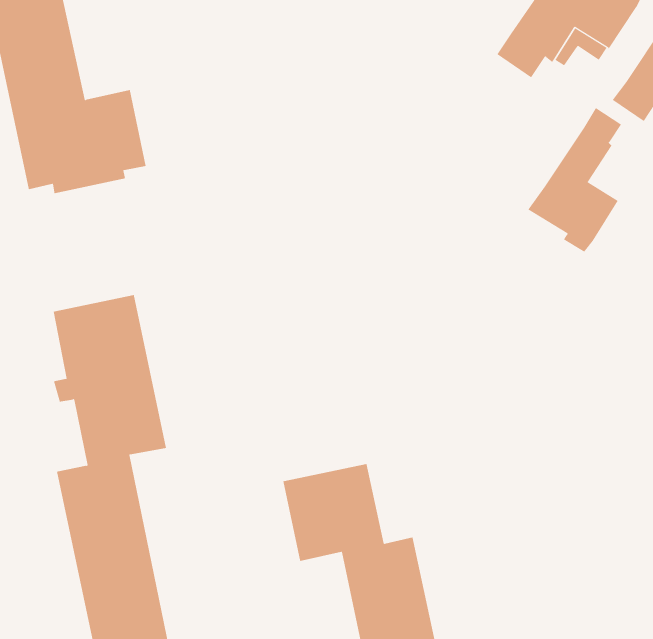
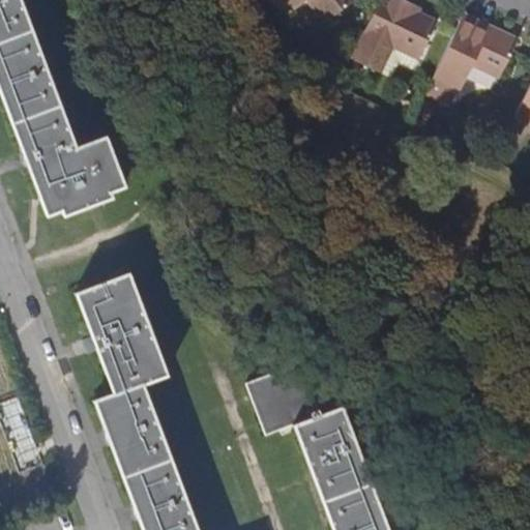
building: [528,107,622,253] -> none

